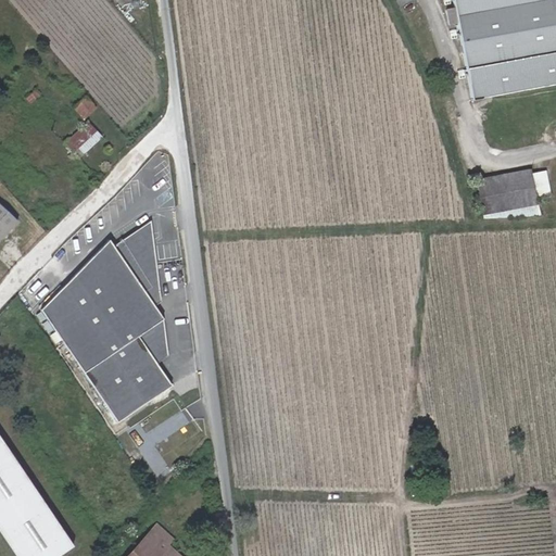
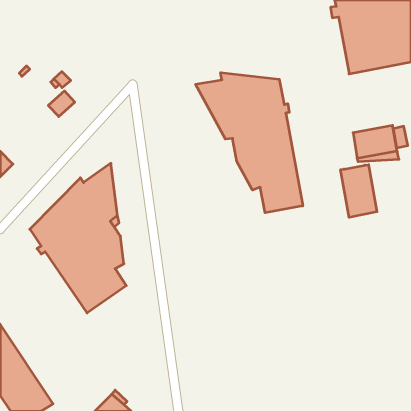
building: none -> [196,73,303,213]
building: none -> [341,165,377,217]

